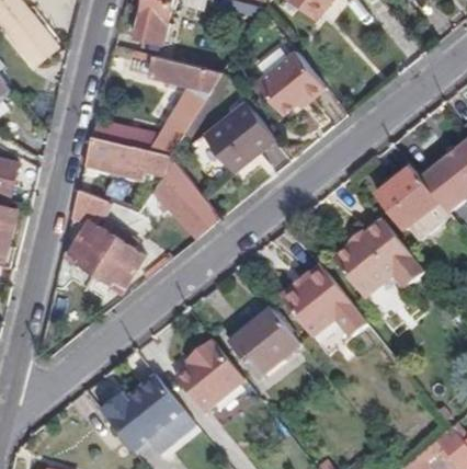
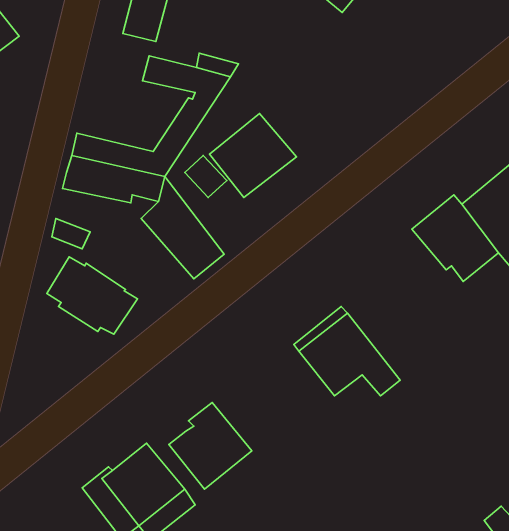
building: [260,50,327,114] -> none
building: [332,220,423,312] -> none
building: [228,309,297,377] -> none

